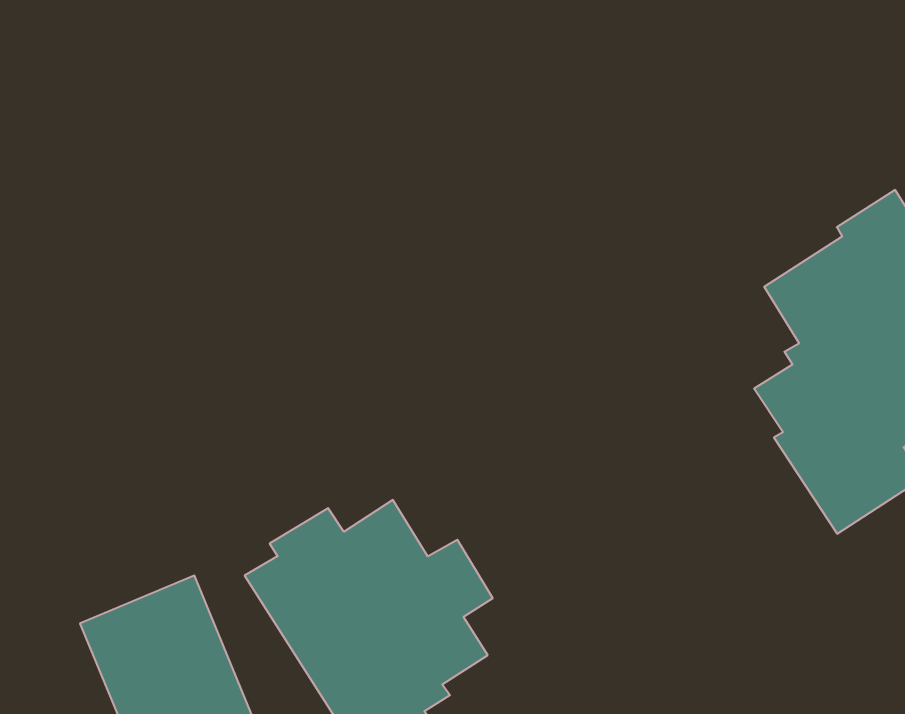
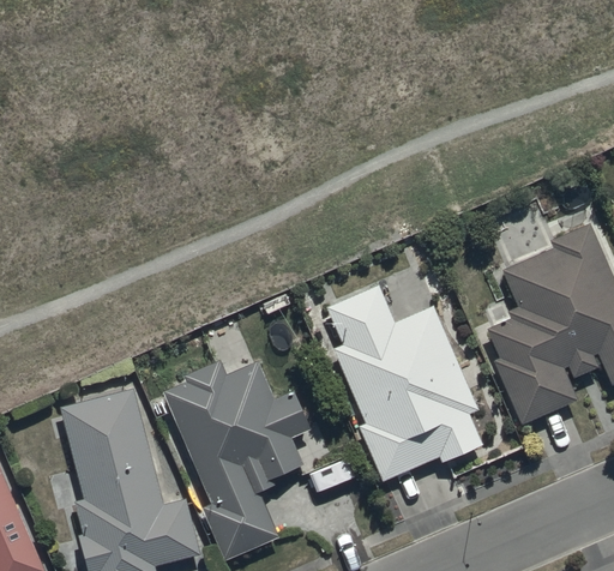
building: none -> [327,286,482,481]

